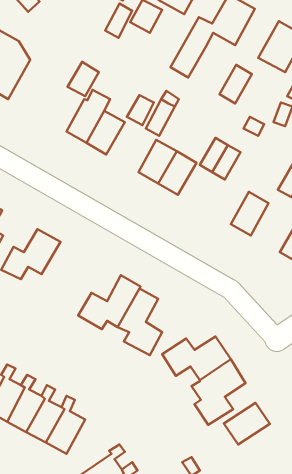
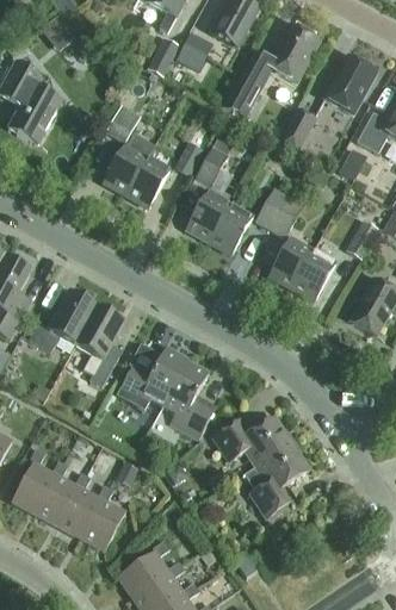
building: none -> [268,237,313,287]
building: none -> [75,307,123,386]
building: [224,403,270,444] -> none

